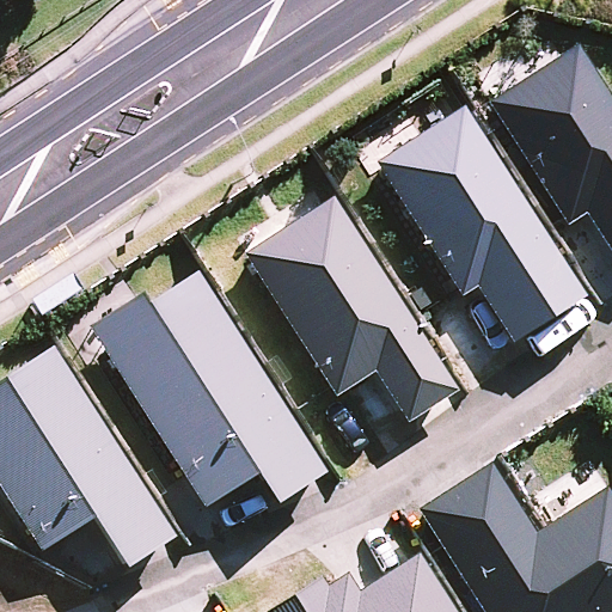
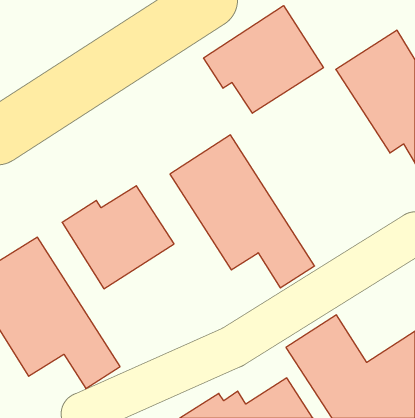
building: none -> [204,6,323,113]
building: [379,106,588,342] -> none
building: [152,356,328,504] -> none

